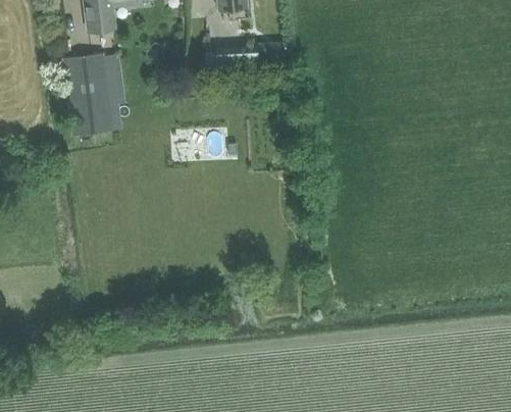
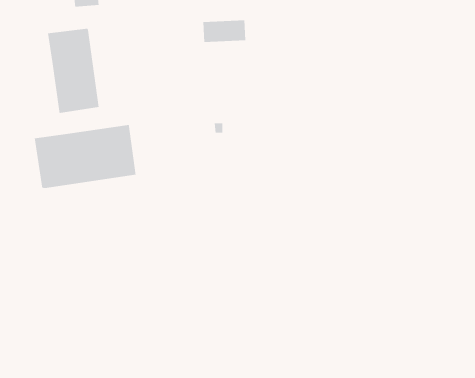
building: none -> [34,124,136,189]

